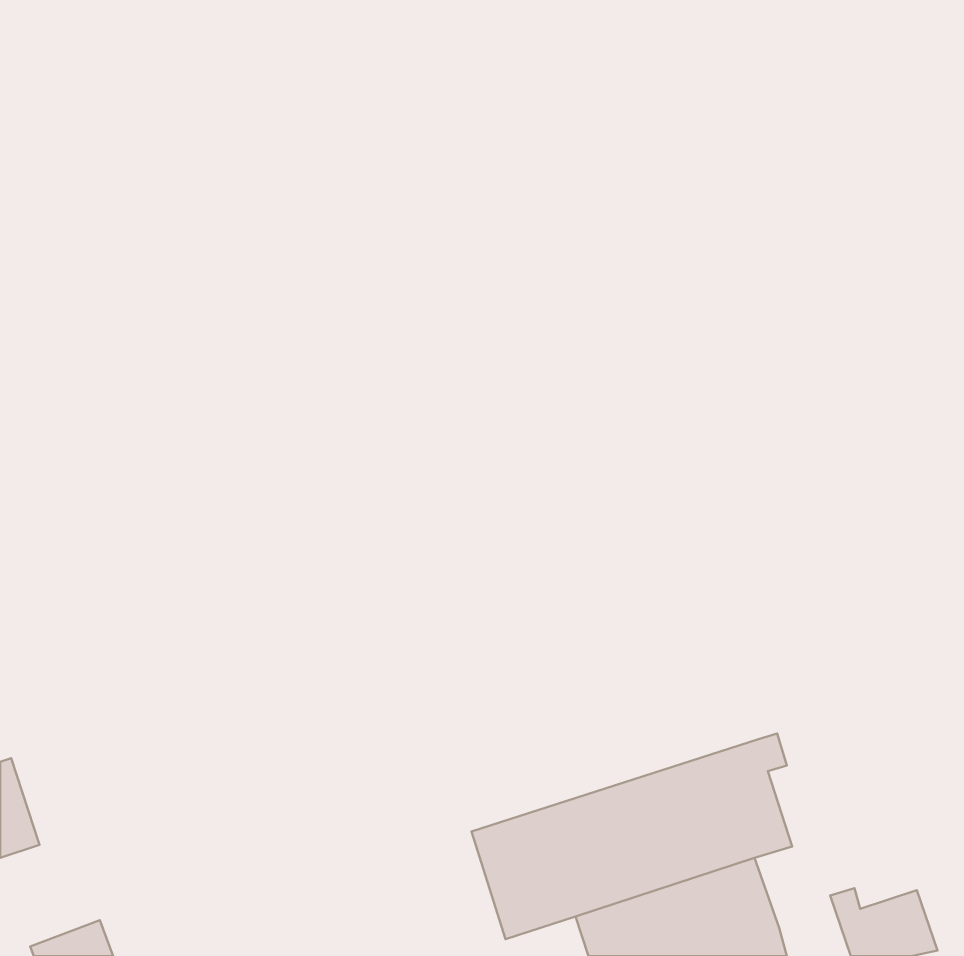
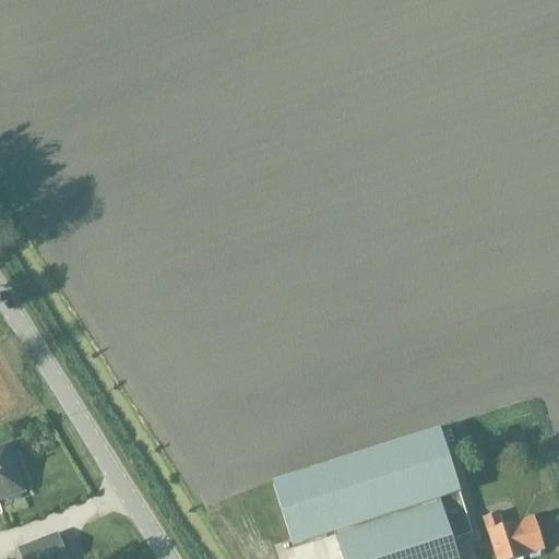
building: none -> [437,490,472,537]

